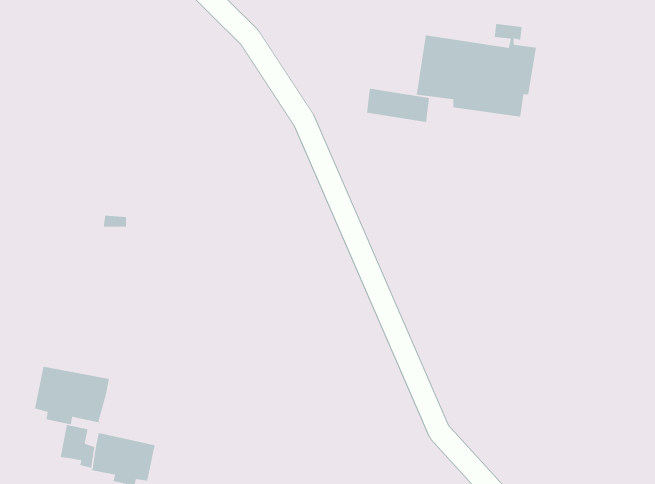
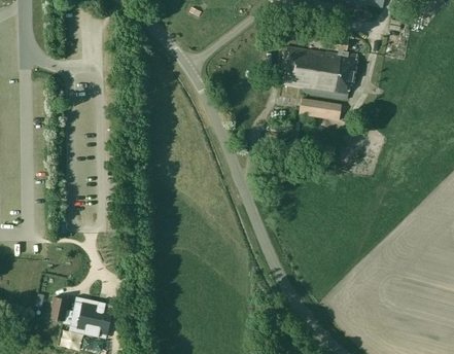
building: [366,88,430,123] -> [300,98,341,120]
building: [34,366,110,425] -> none

